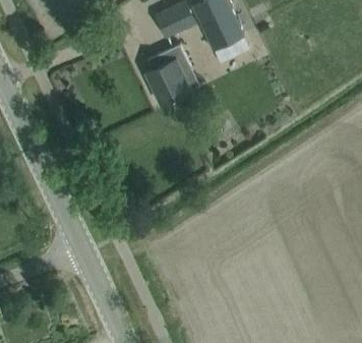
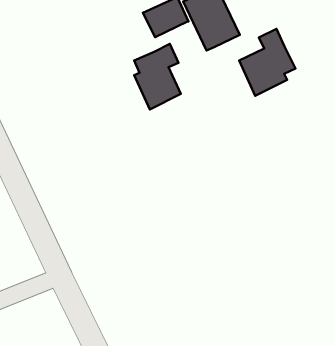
building: none -> [239,29,295,96]

